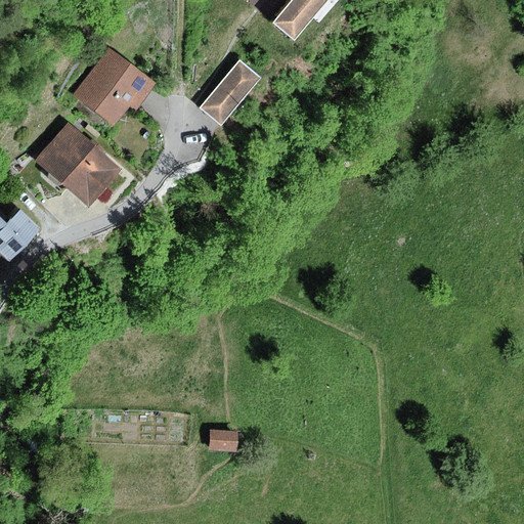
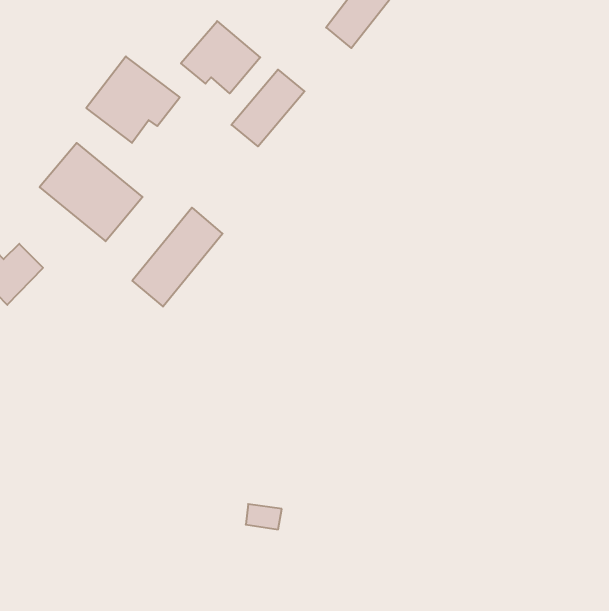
building: none -> [181,21,260,93]
building: none -> [132,208,223,307]

